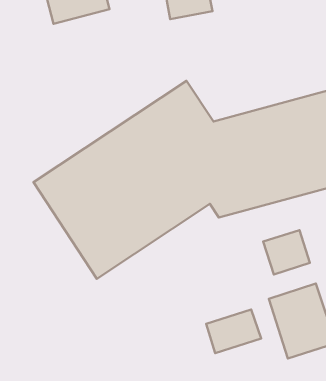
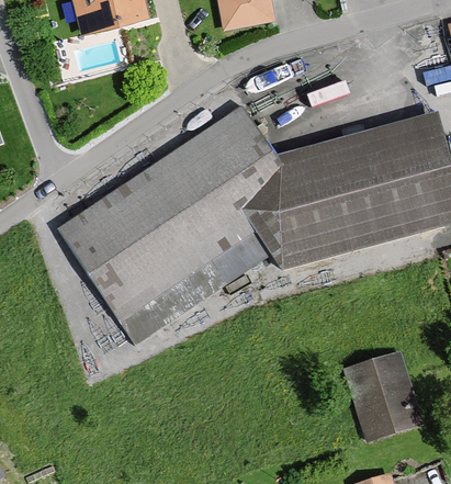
building: [263,230,310,275] -> none
building: [206,309,261,353] -> none

